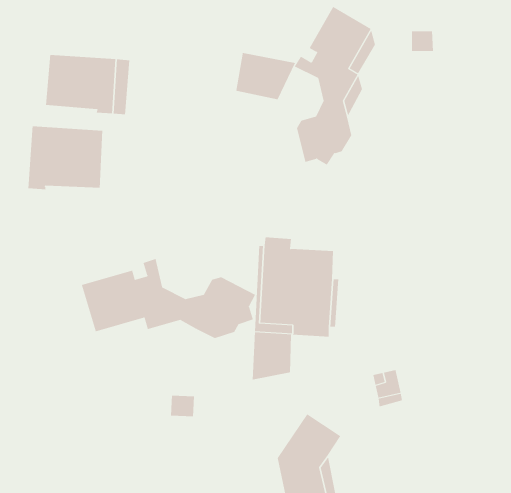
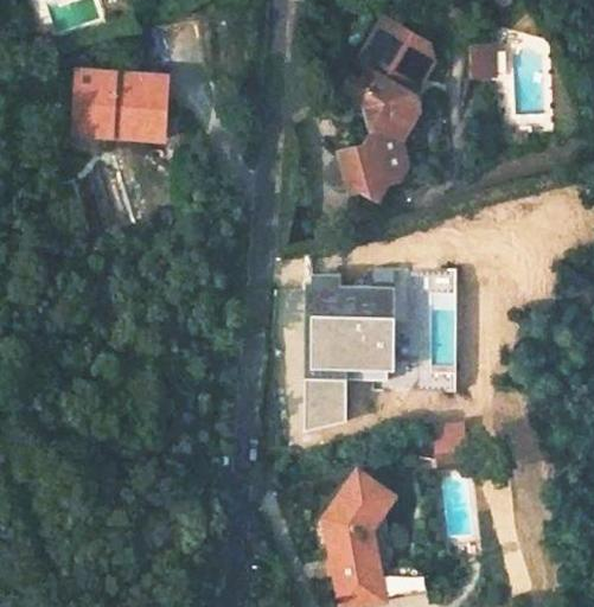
building: [235,52,296,100] -> none
building: [28,126,103,190] -> none
building: [81,258,256,339] -> none

